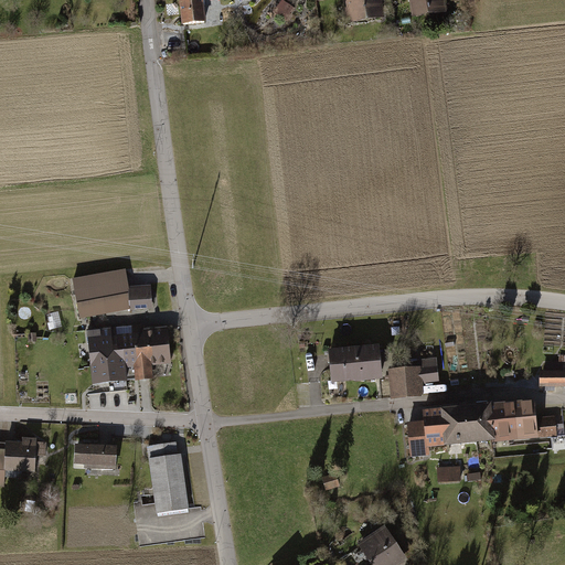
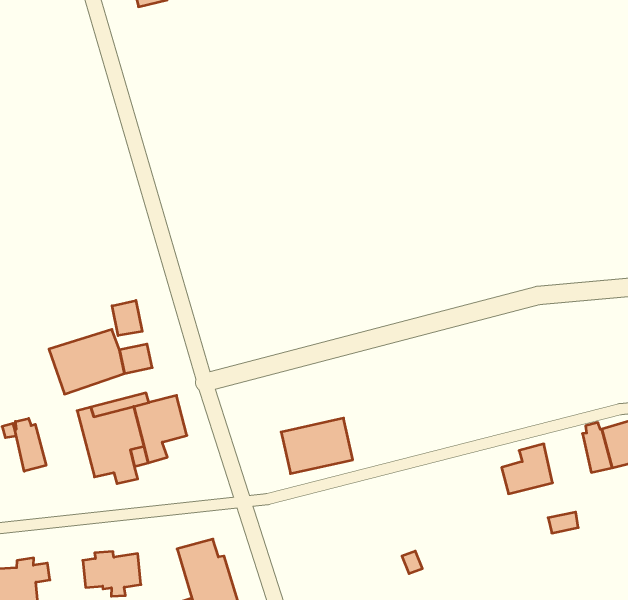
building: none -> [112,300,142,336]
building: none -> [15,418,46,471]
building: [328,347,380,383] -> [281,418,353,474]
building: [390,363,437,397] -> none
building: [443,398,476,439] -> none

